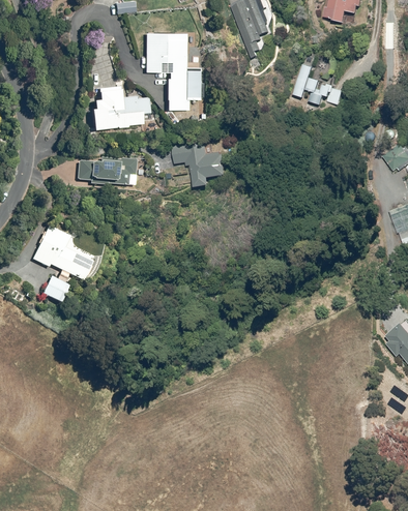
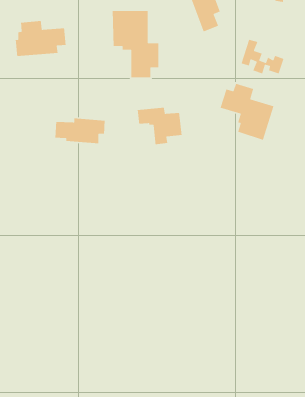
building: [91,84,151,126] -> [15,20,67,57]
building: none -> [220,83,274,141]
building: [31,223,92,302] -> none

